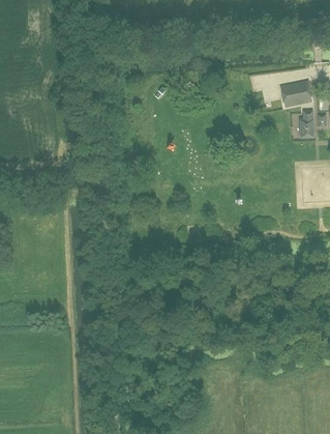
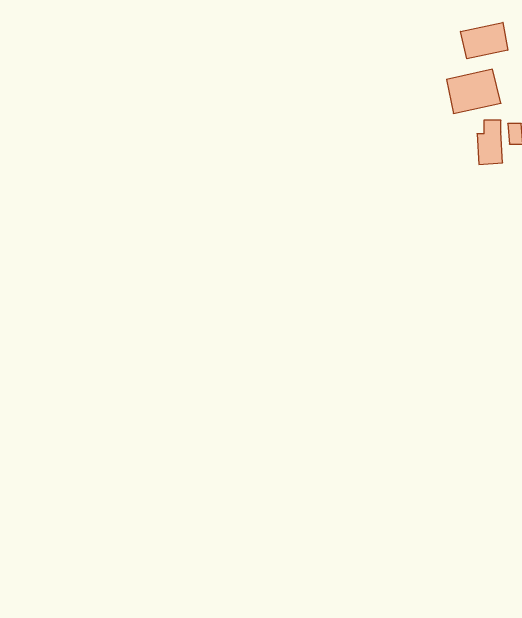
building: none -> [461,22,508,59]

